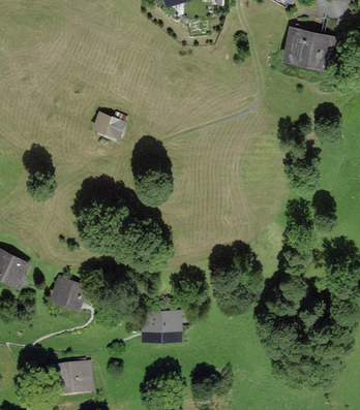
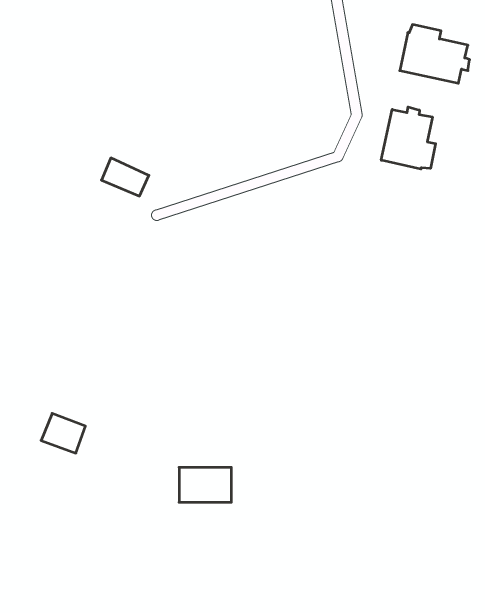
building: none -> [381,107,436,169]
building: [50,365,90,391] -> none

